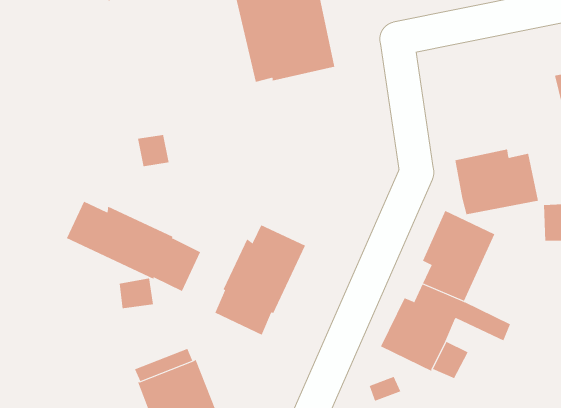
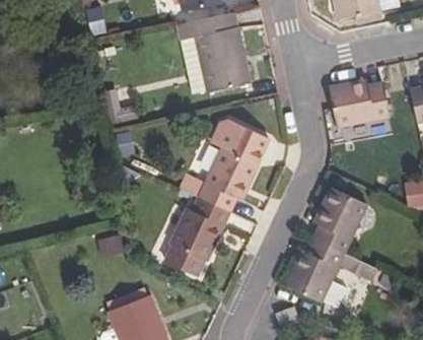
building: none -> [179,119,270,212]
building: [455,149,539,215] -> [330,79,391,127]
building: [66,201,201,292] -> none

